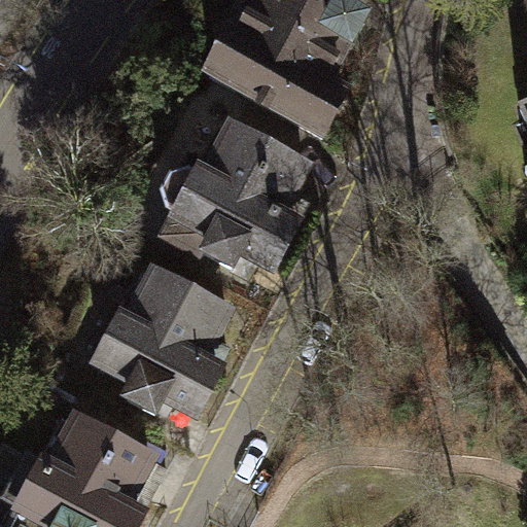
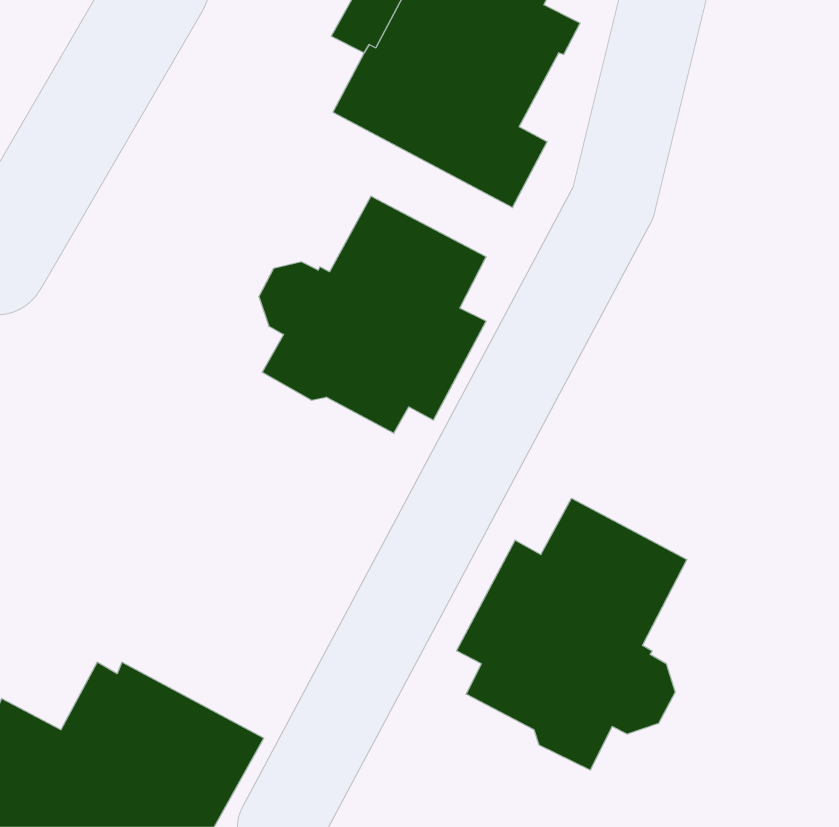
building: [99,270,226,407] -> none
building: none -> [457,498,687,770]

